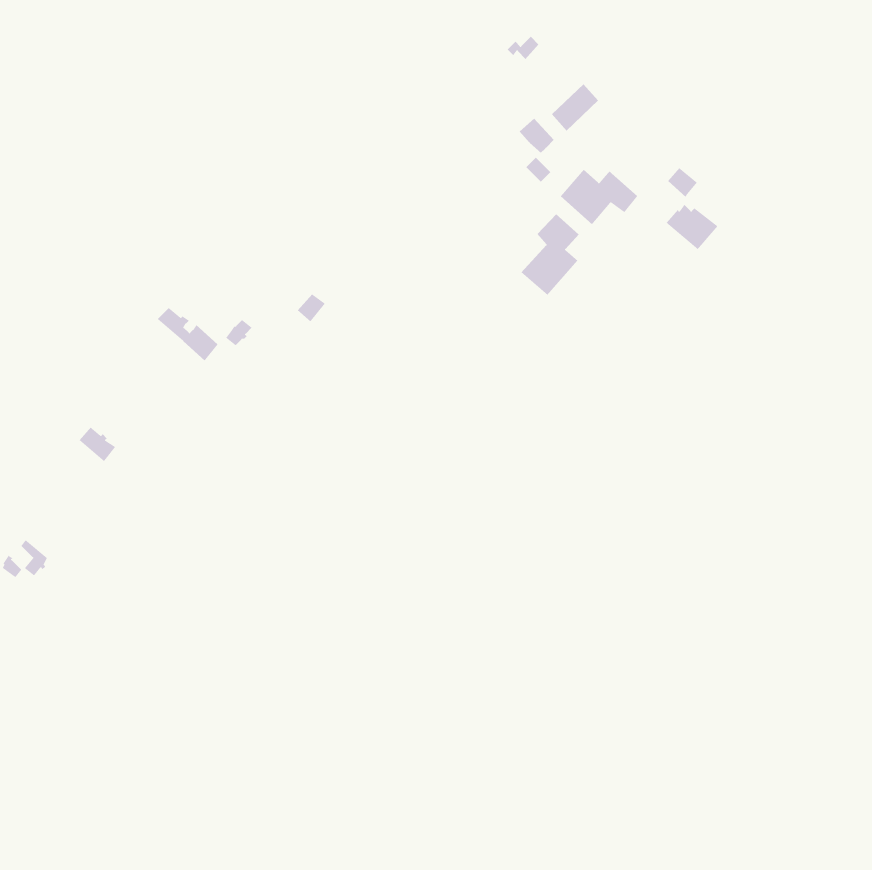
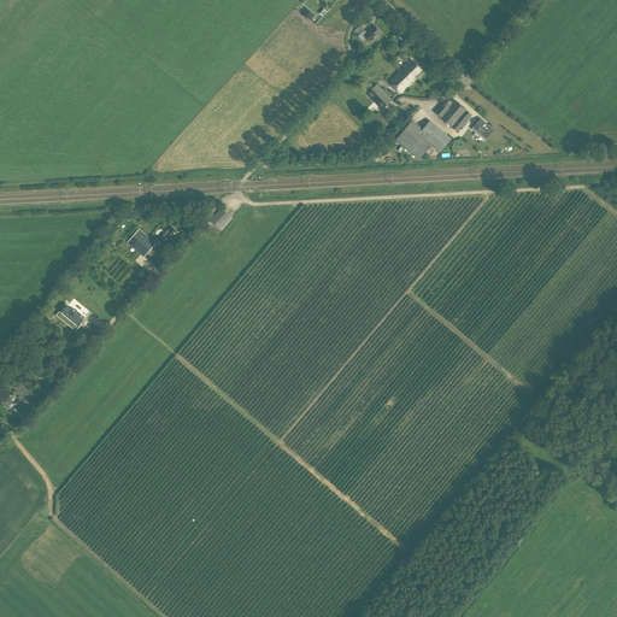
building: [665,204,718,250] -> [435,99,472,131]
building: [521,214,580,296] -> none

